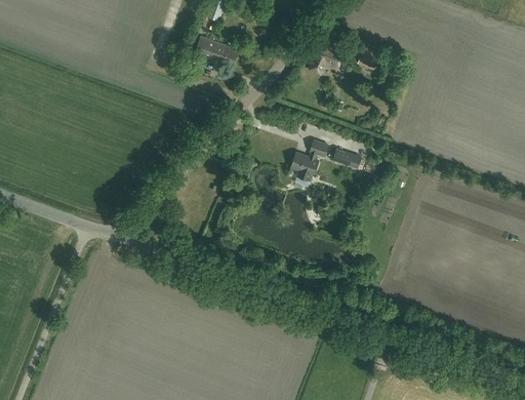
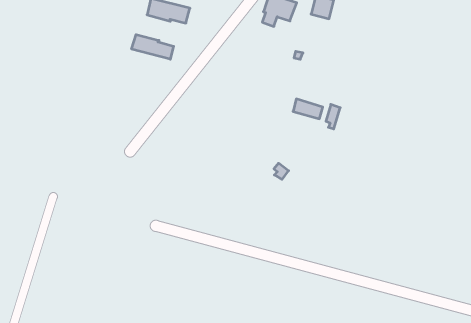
building: none -> [132,35,174,59]
building: [290,139,328,179] -> none

